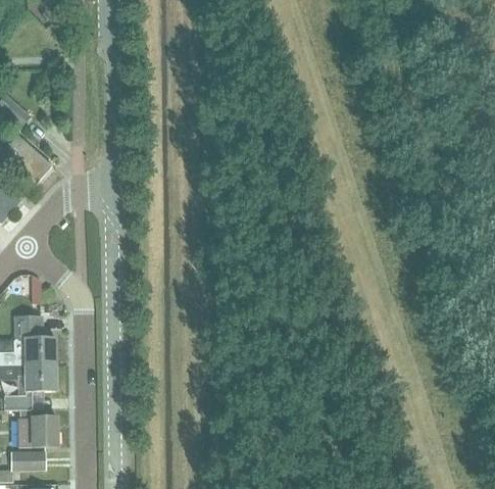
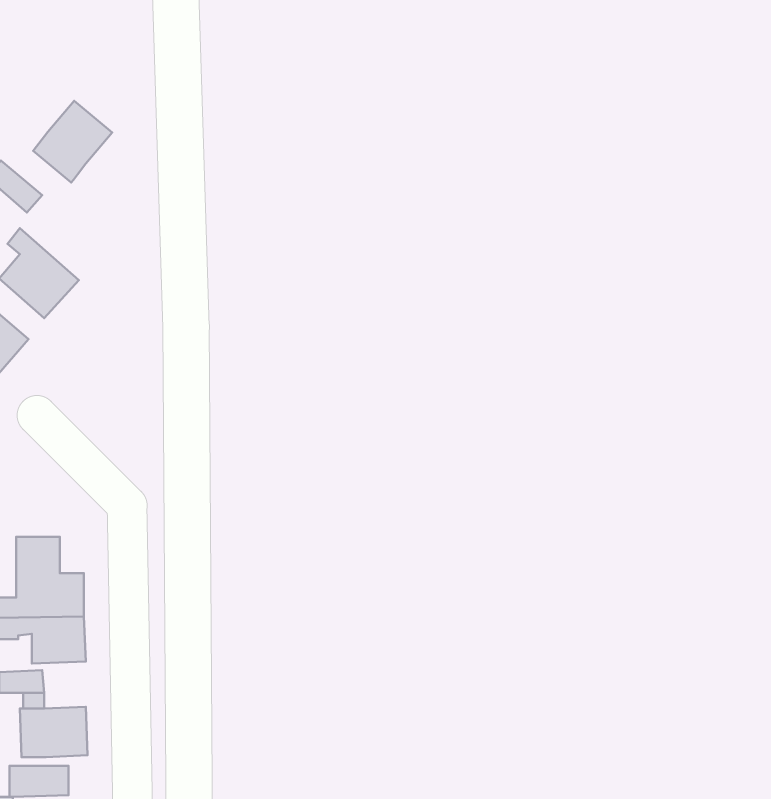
building: none -> [33,101,112,182]

